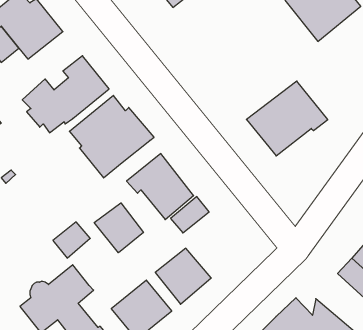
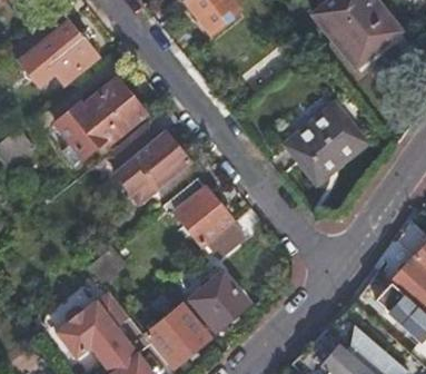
building: [94,203,143,253] -> none

